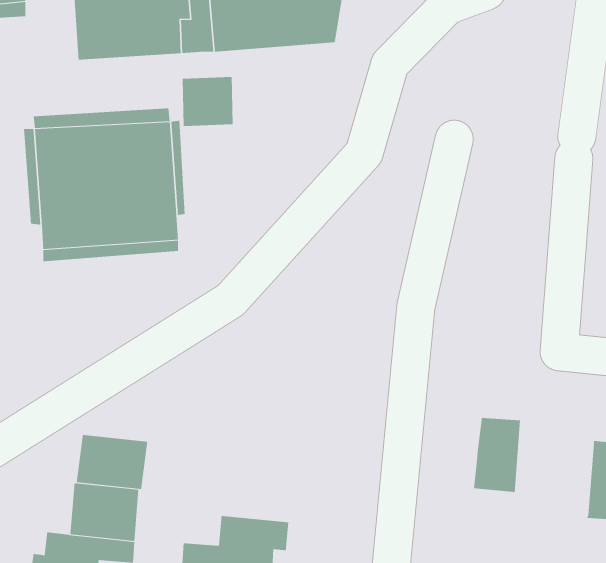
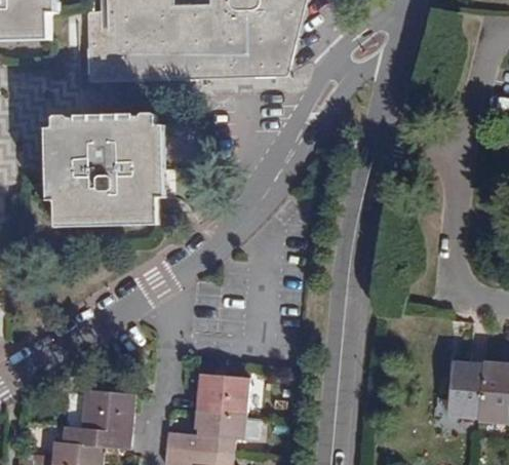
building: [182,76,233,127] -> none
building: [473,418,521,492] -> [440,359,476,416]
building: [76,434,148,490] -> none
building: none -> [196,376,252,421]

